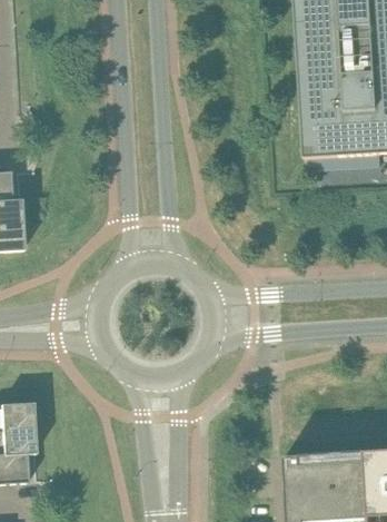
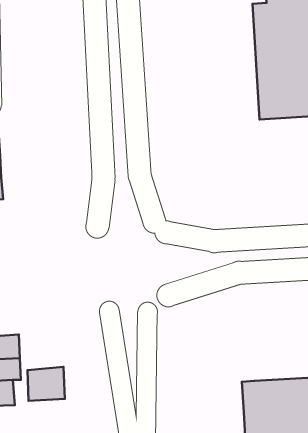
building: none -> [27,367,65,401]

